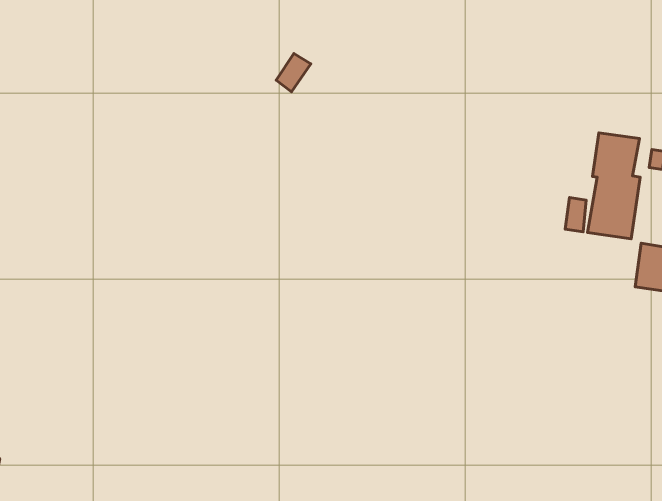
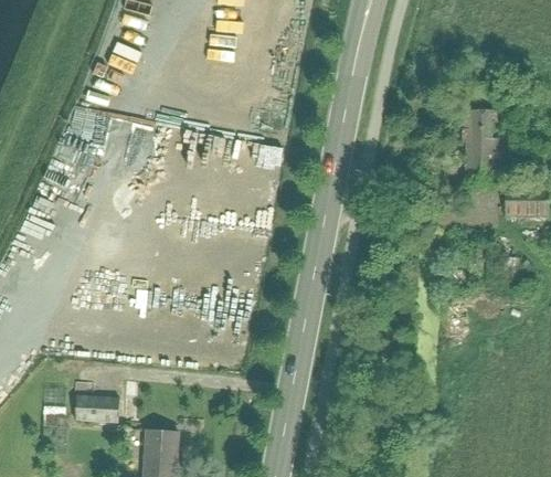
building: none -> [75,394,118,422]

